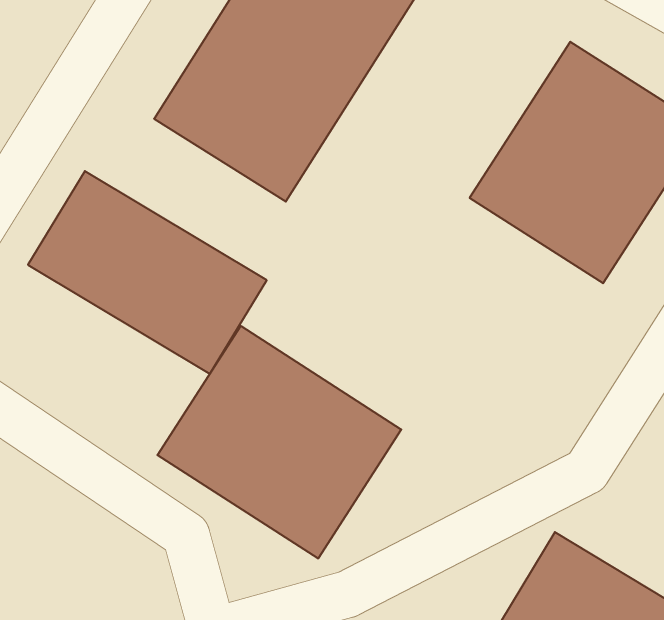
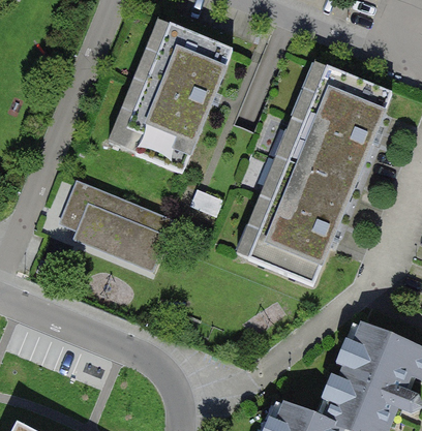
building: none -> [238,157,356,282]
building: [157,326,401,559] -> none

